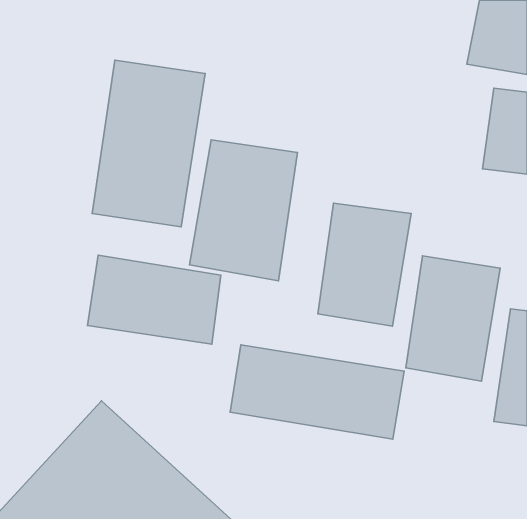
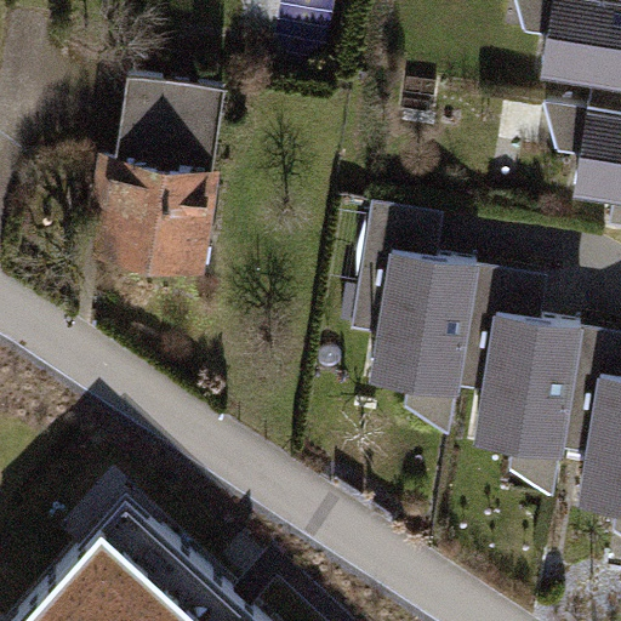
building: [189,140,298,281] -> none
building: [87,255,221,344] -> none
building: [230,345,404,439] -> none

